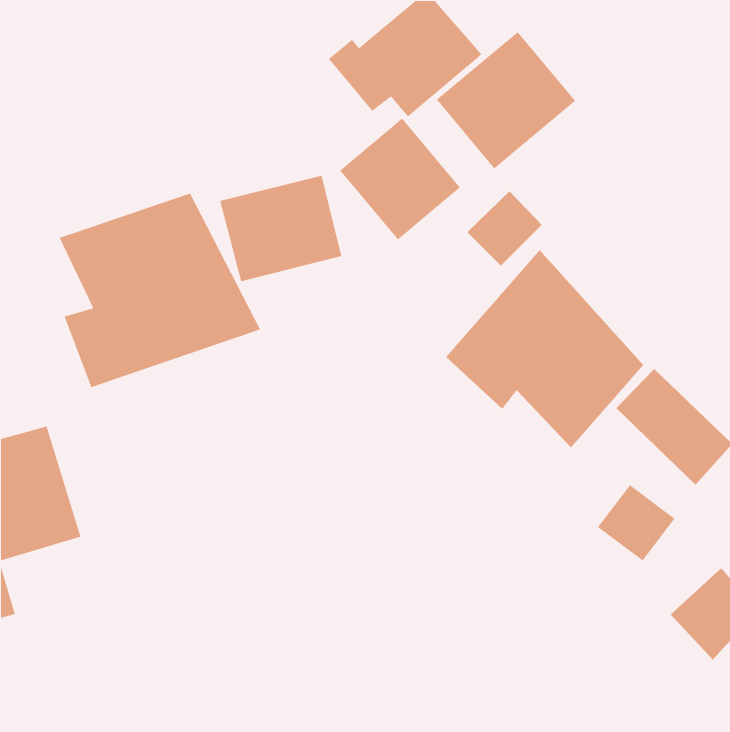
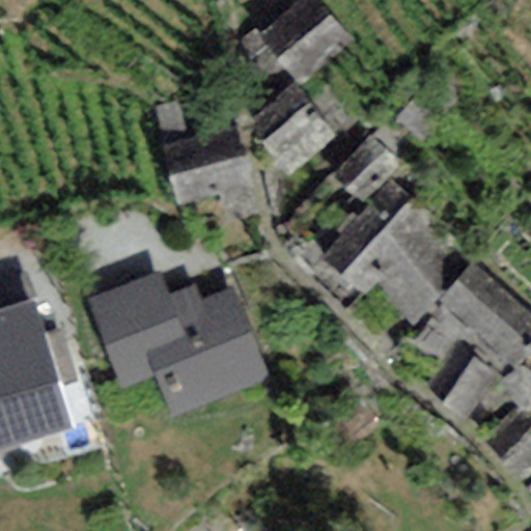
building: [436,31,576,169] -> none
building: [59,192,261,388] -> none
building: none -> [95,288,268,410]

